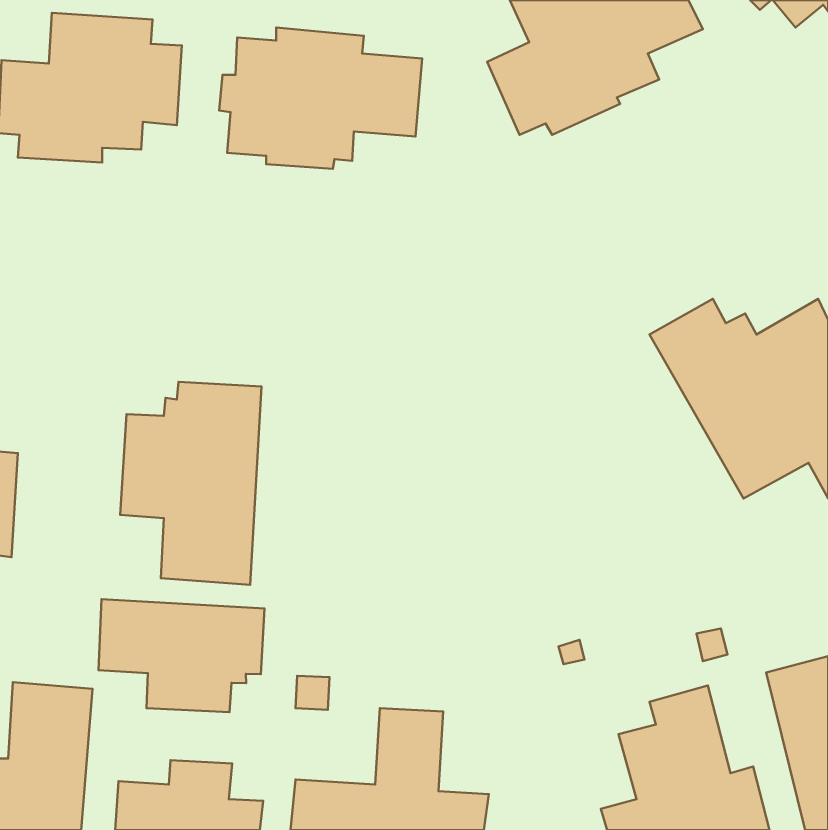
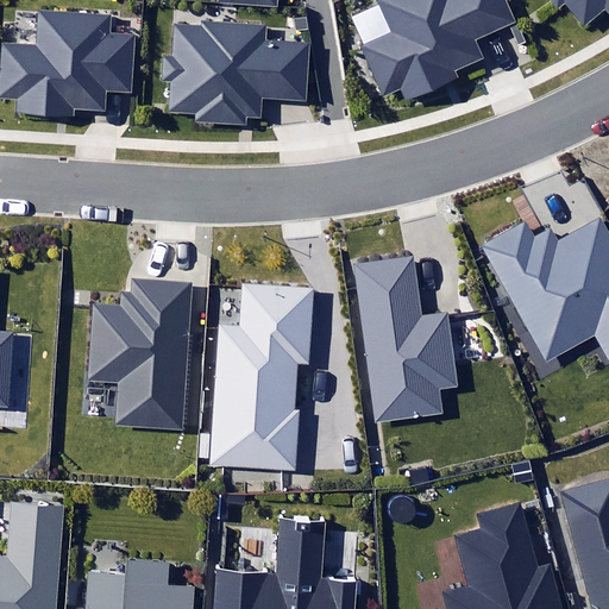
building: none -> [352,256,459,423]
building: none -> [207,280,314,472]
building: [98,599,264,712] -> none

